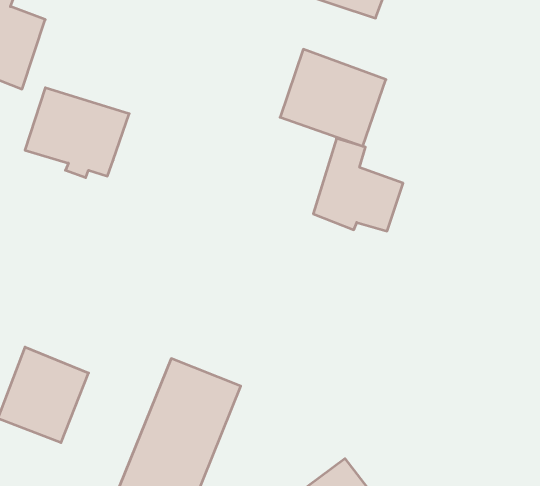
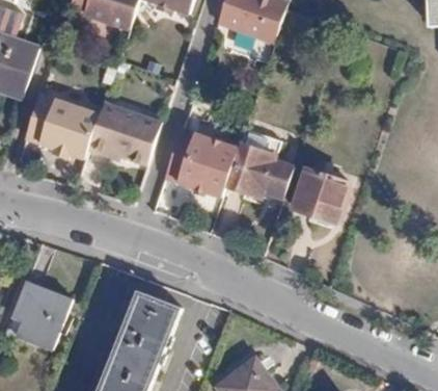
building: [280,49,386,146] -> [162,129,238,199]
building: none -> [88,100,160,162]
building: none -> [292,168,348,221]

